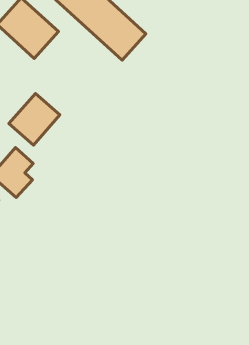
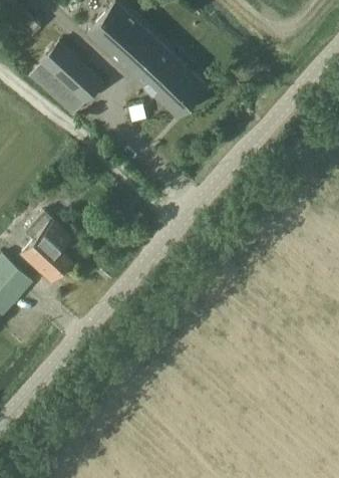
building: [9,93,60,145] -> none

